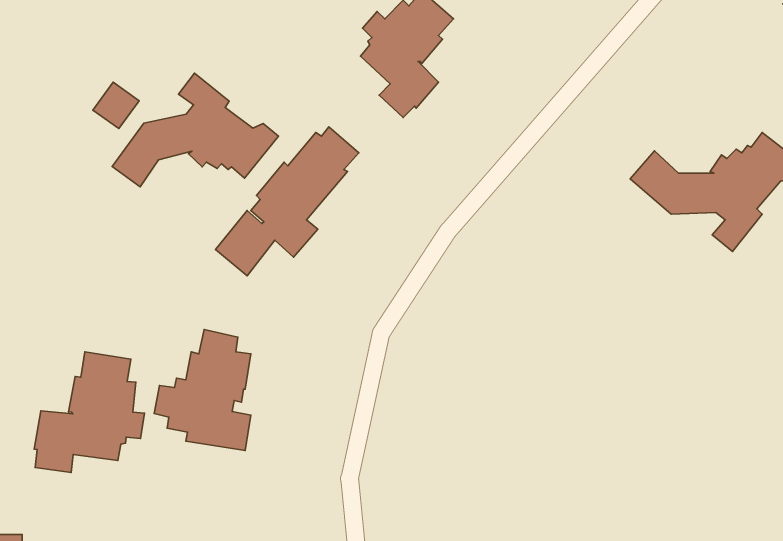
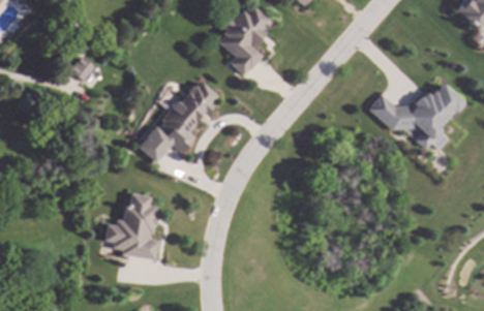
building: [112,73,278,187] -> none
building: [34,352,144,472] -> none

